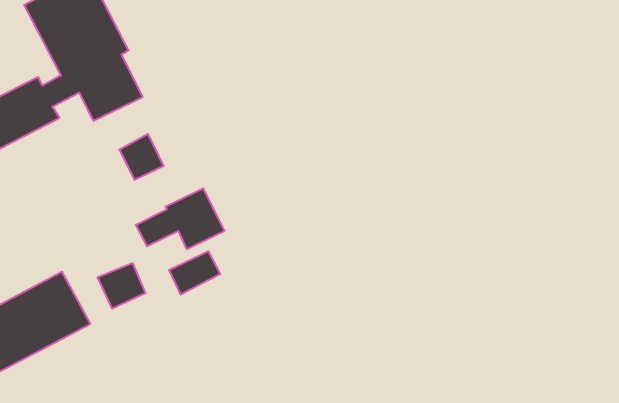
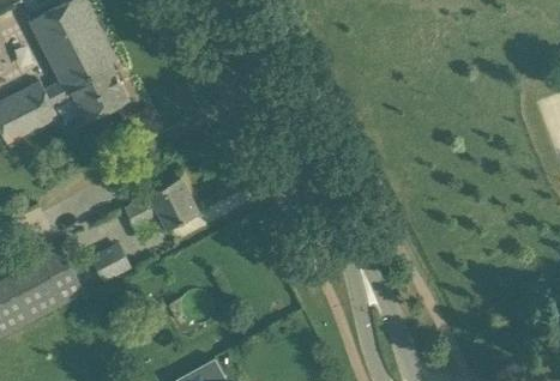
building: [119,134,164,180] -> none
building: [169,251,220,295] -> none

